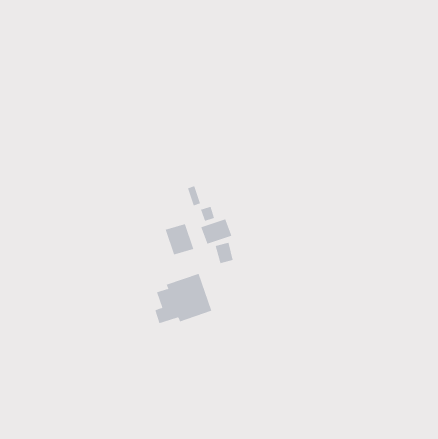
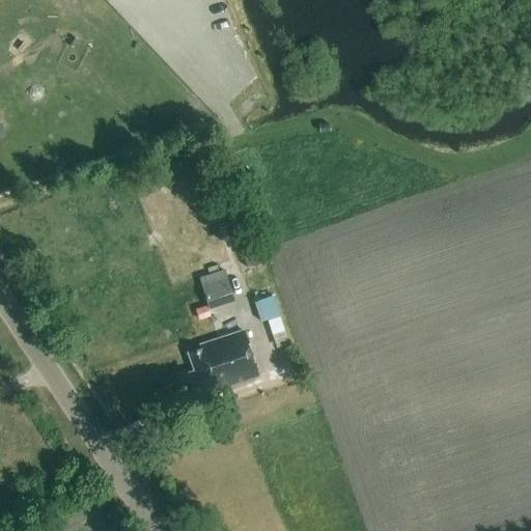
building: [201,219,232,244] -> none

